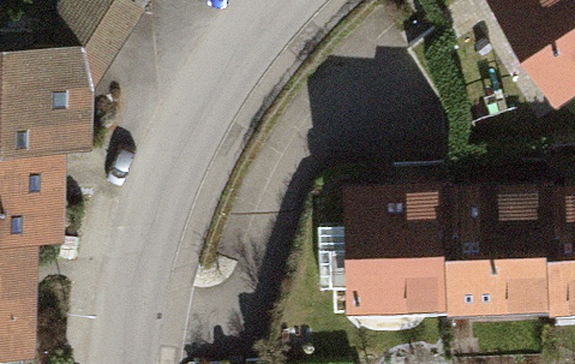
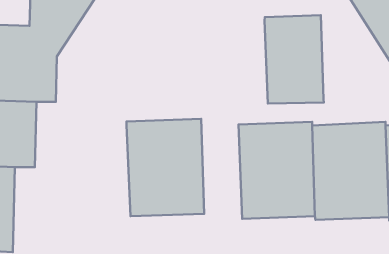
building: none -> [264,15,324,104]
building: none -> [126,119,204,216]

